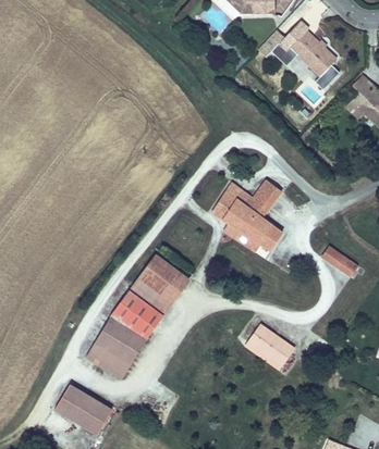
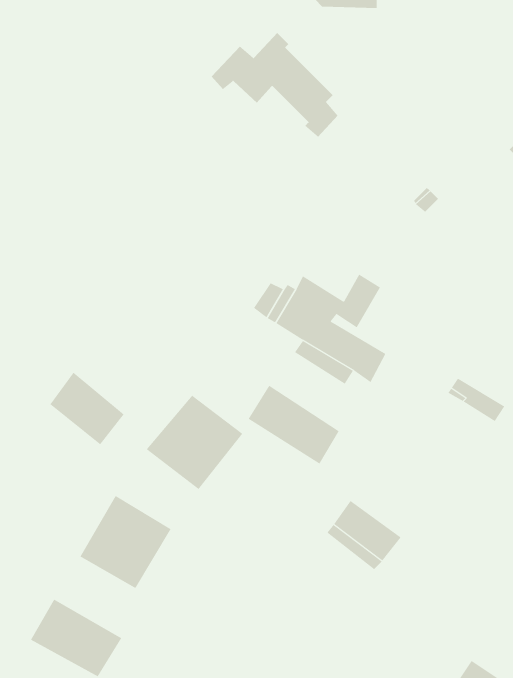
building: [259,16,341,84] -> [211,32,339,138]
building: none -> [248,385,339,464]
building: [112,296,160,342] -> [49,372,124,445]

